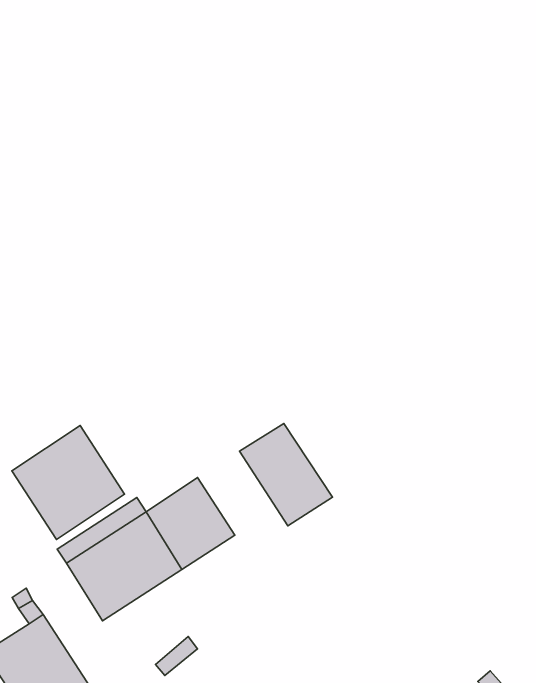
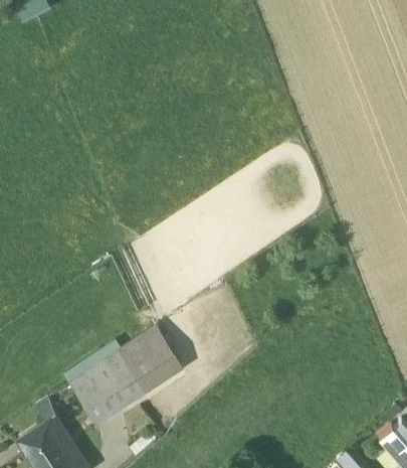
building: [239,424,332,526] -> none
building: [12,425,125,540] -> none

